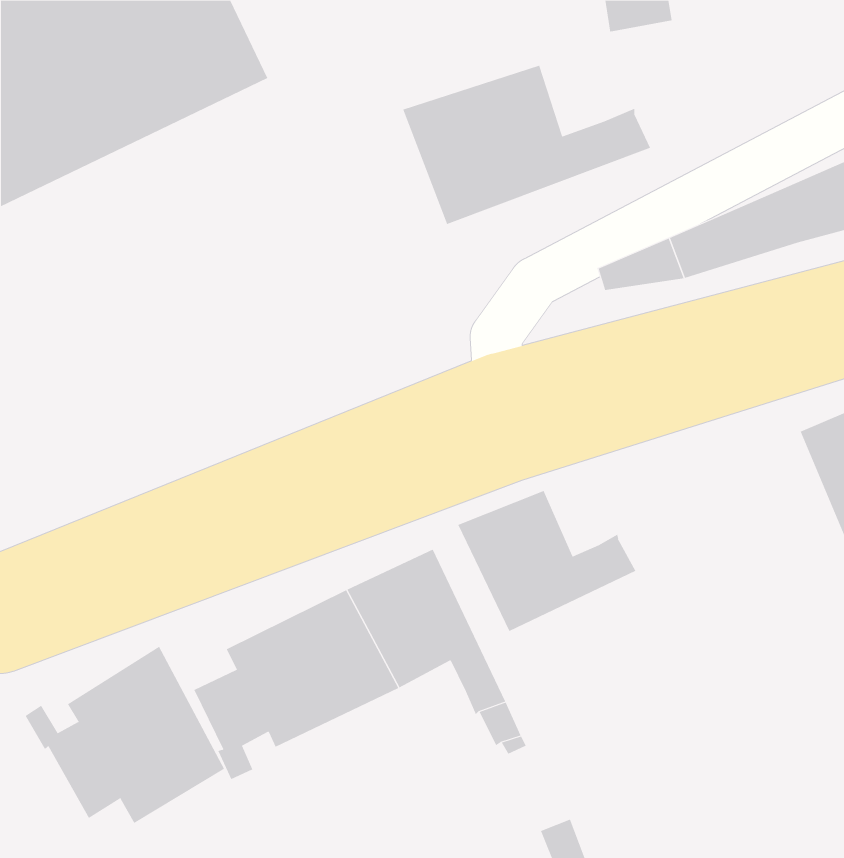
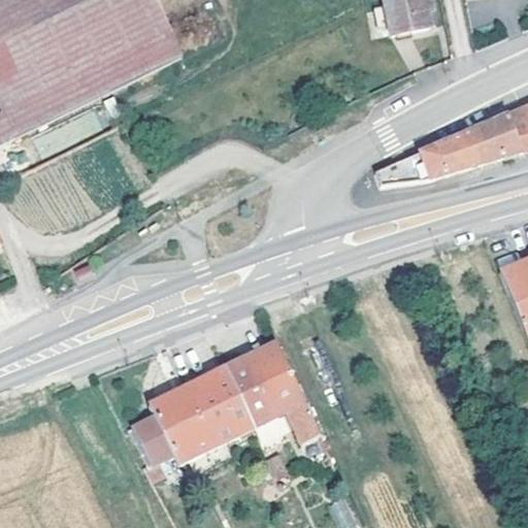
building: [403,65,651,225] -> none
building: [457,490,636,632] -> none
building: [25,646,225,824] -> none

